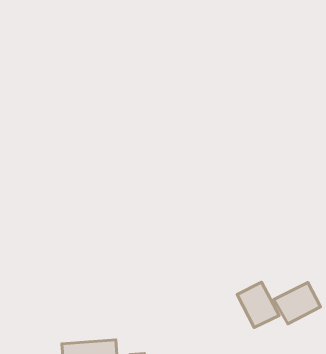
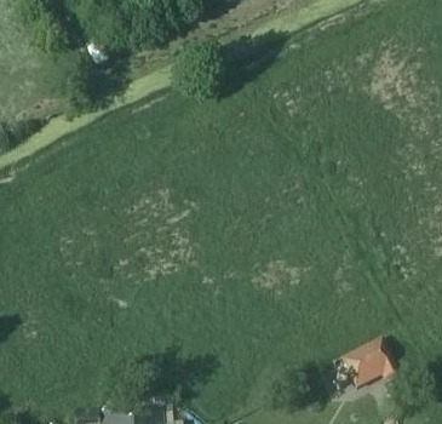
building: [237,282,279,327] -> none

